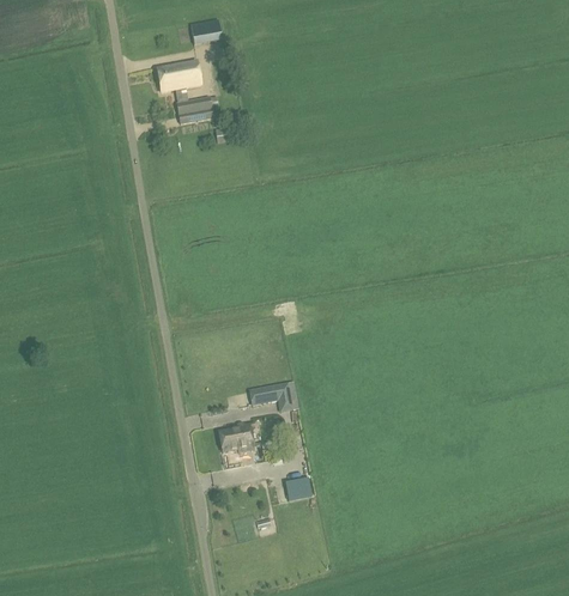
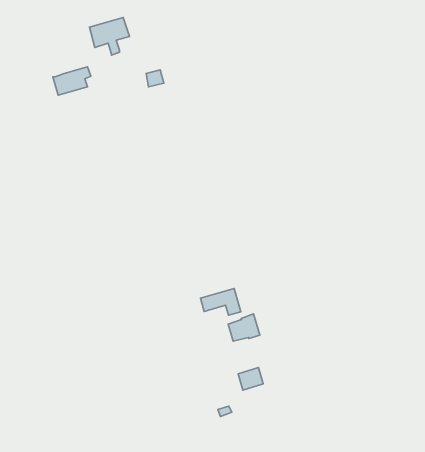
building: [176,95,219,123] -> [53,67,91,95]
building: [219,422,254,451] -> [228,314,260,341]

